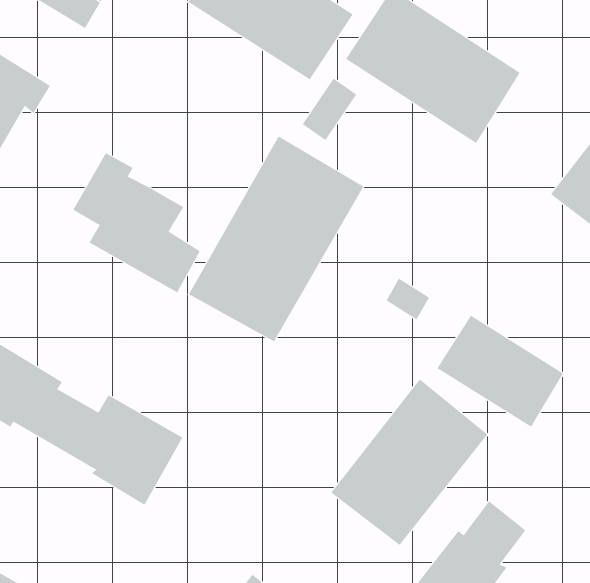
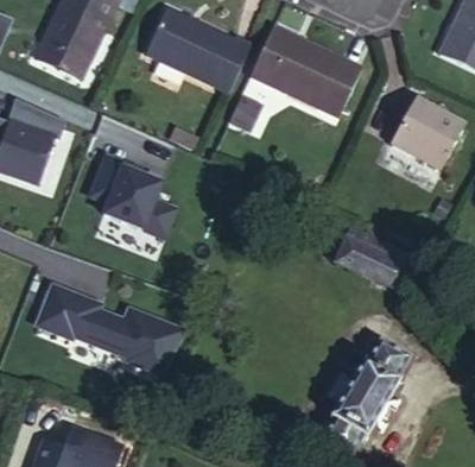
building: [188,135,364,342] -> none
building: [330,379,488,546] -> none

